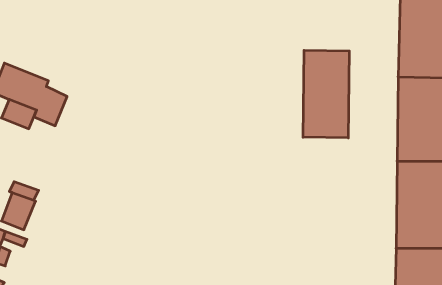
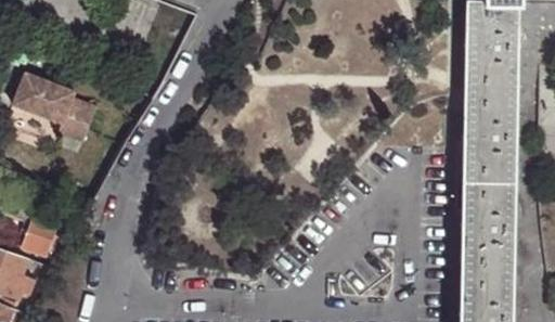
building: [303,50,349,138] -> none

